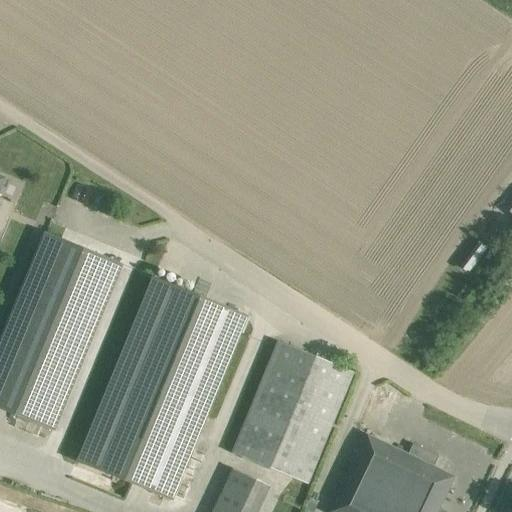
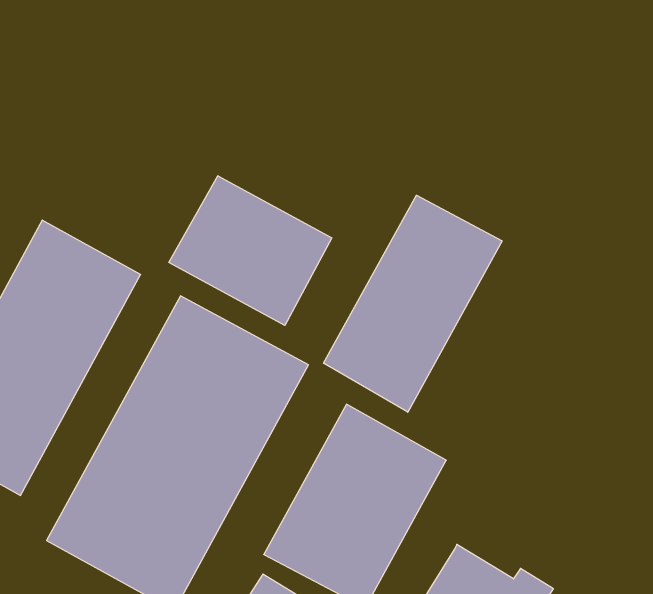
building: none -> [324,195,502,412]
building: none -> [169,176,332,325]

